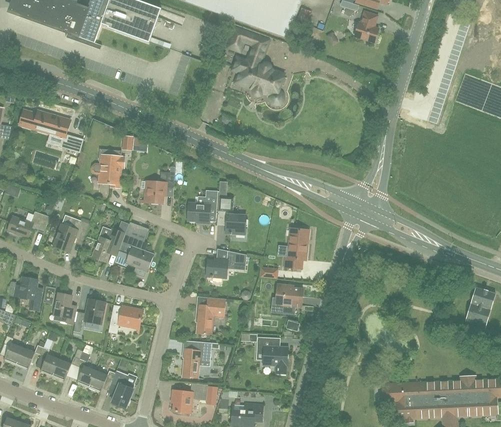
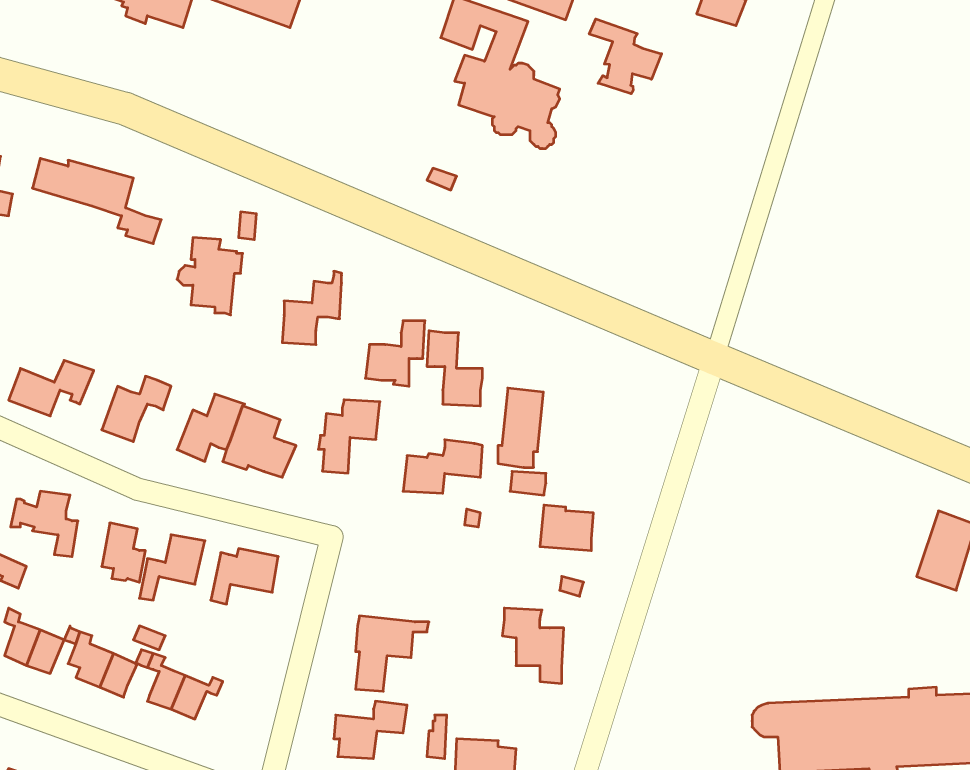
building: none -> [589,19,662,94]
building: [284,227,307,267] -> [498,388,543,467]
building: [194,296,225,333] -> [318,400,380,473]
building: [110,369,134,407] -> none

